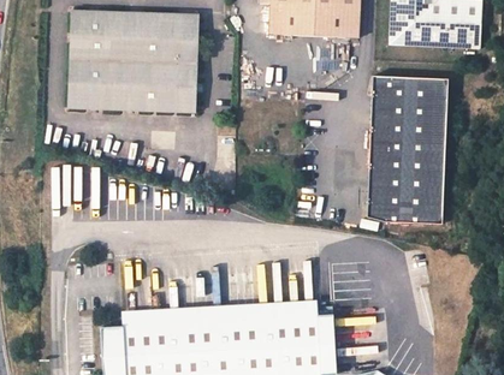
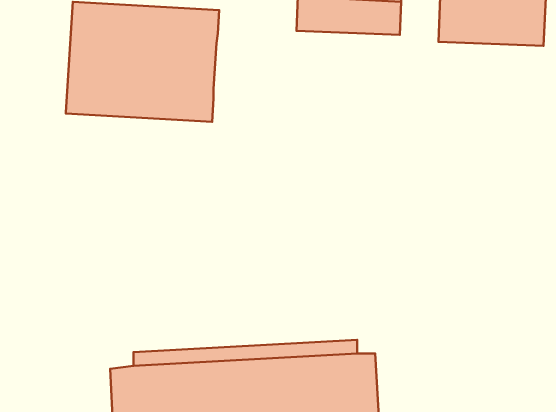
building: [372,76,447,222] -> none

